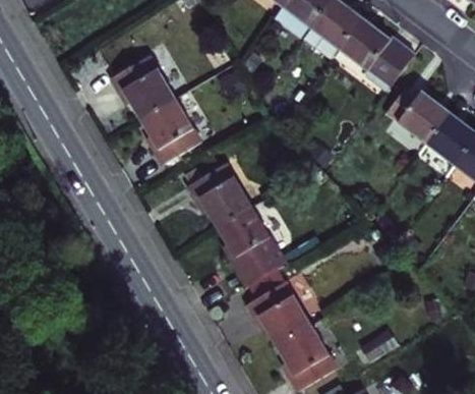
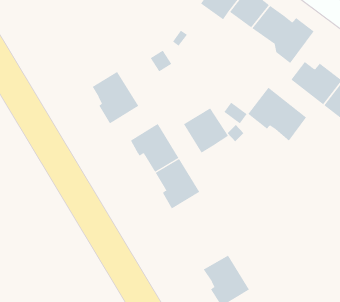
building: [113,59,175,120] -> none
building: none -> [247,87,307,141]
building: none -> [183,107,229,154]
building: [249,270,311,345] -> none

